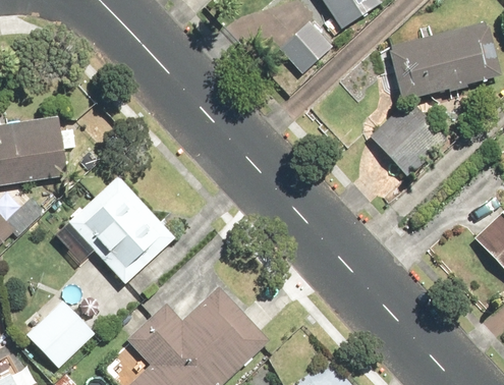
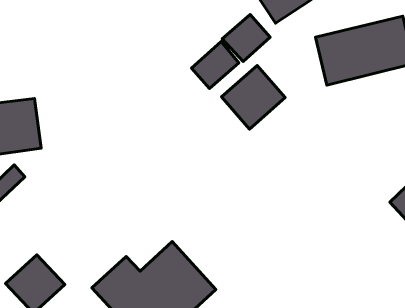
building: none -> [191,42,239,88]
building: [370,102,444,176] -> [222,65,285,129]
building: [67,176,175,285] -> none

